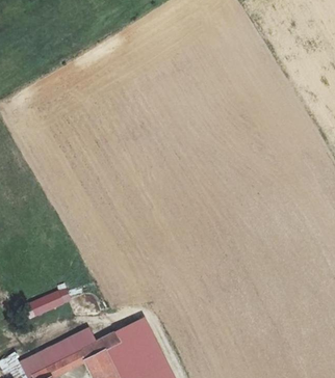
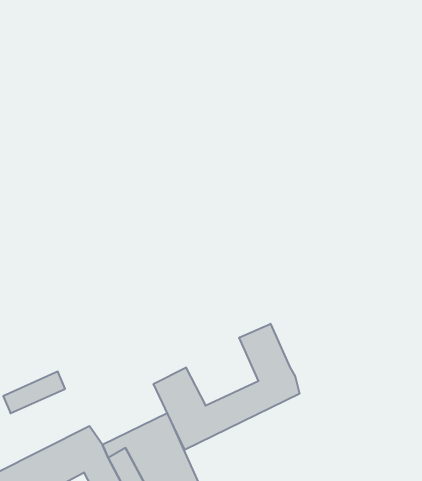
building: none -> [154,324,299,450]

